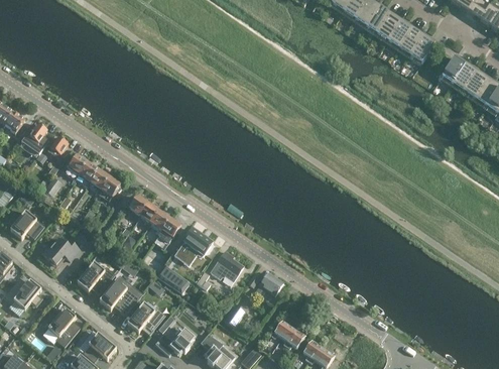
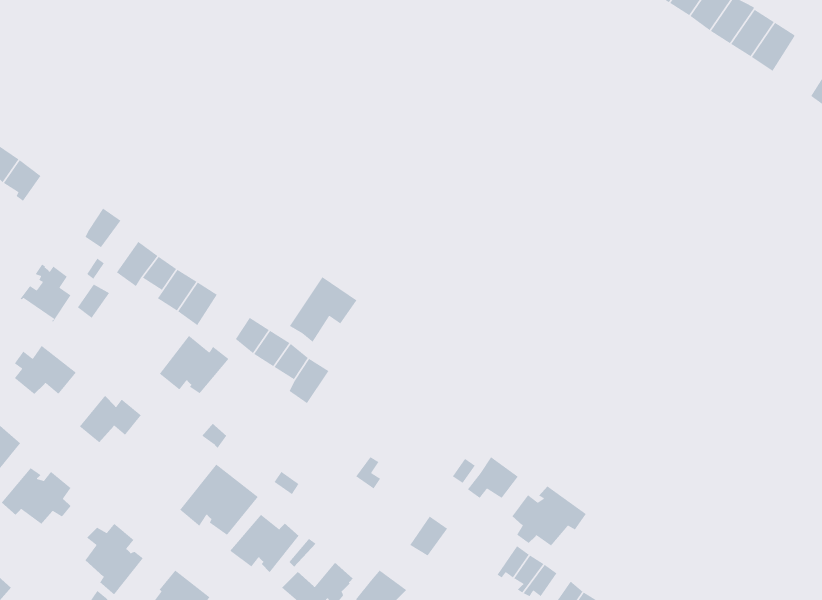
building: [20,122,48,154] -> [20,264,72,323]
building: [174,228,212,264] -> [289,276,357,343]
building: [210,250,243,281] -> none
building: [77,261,115,293] -> [159,335,230,394]
building: [155,264,190,293] -> none
building: none -> [511,485,587,546]

